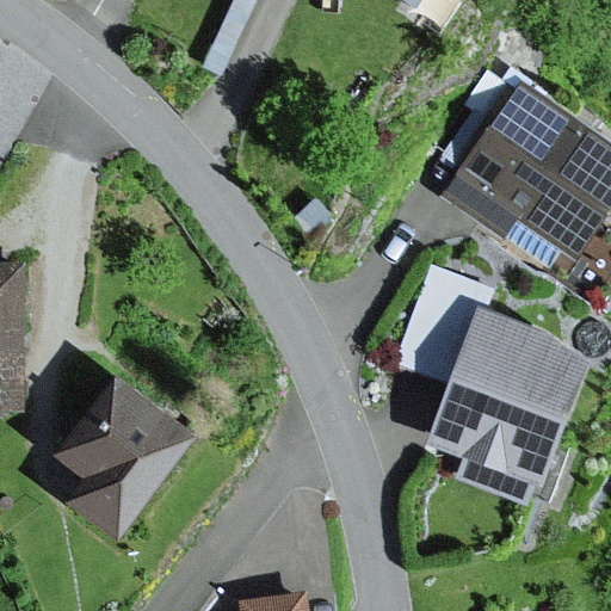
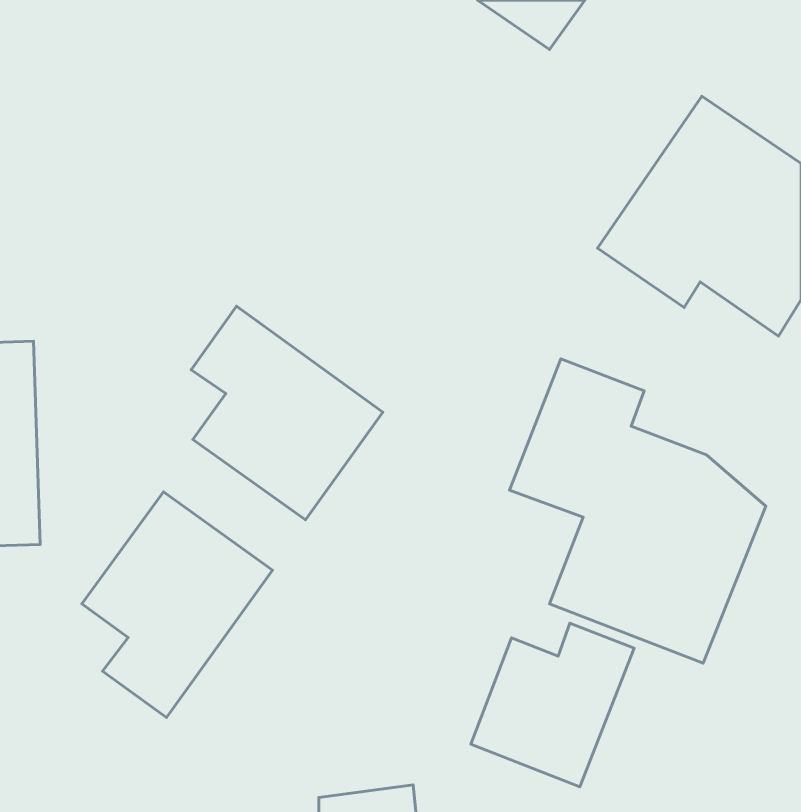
building: none -> [191,306,383,520]
building: none -> [471,623,634,787]

